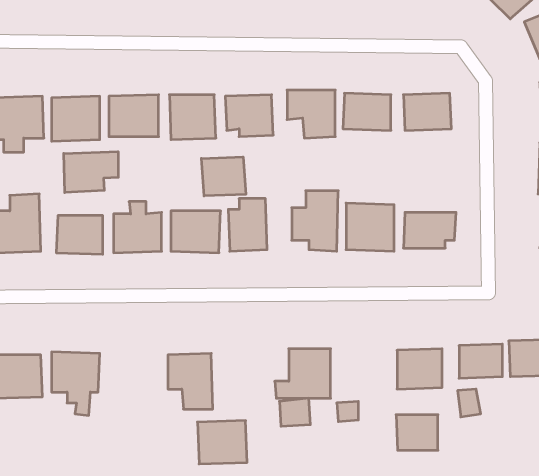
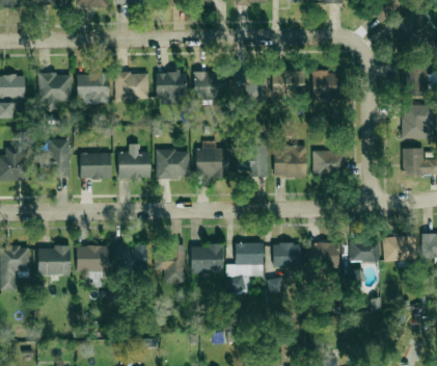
building: [64,152,118,193] -> none
building: [201,157,246,196] -> none
building: none -> [114,244,147,270]
building: [396,415,438,450] -> [273,243,301,267]
building: [197,421,247,464] -> [191,244,224,273]

